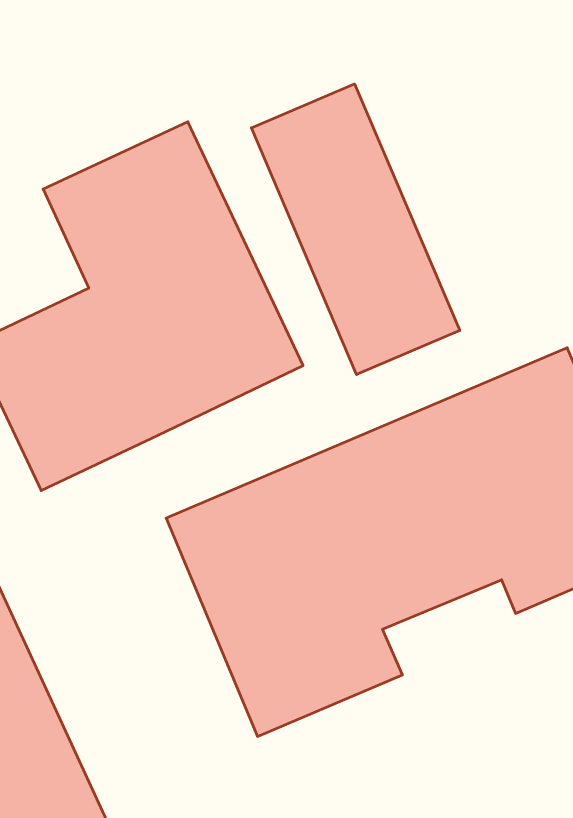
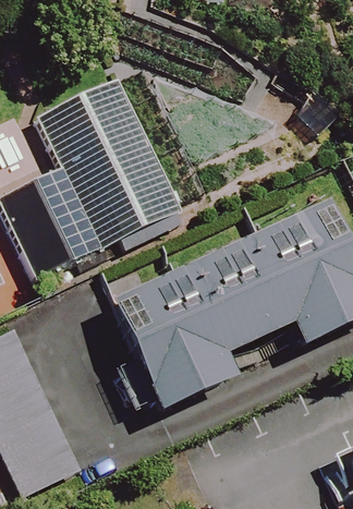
building: [251,84,460,375] -> none

